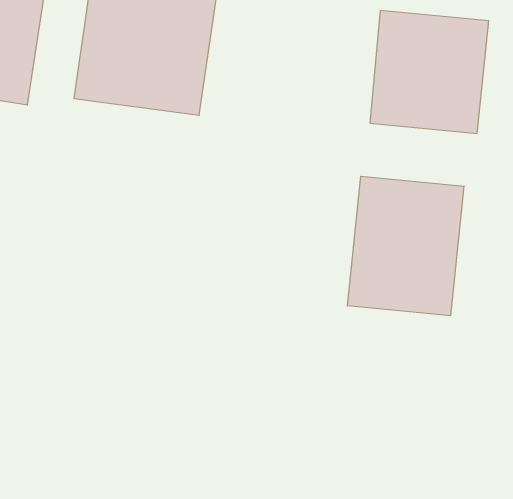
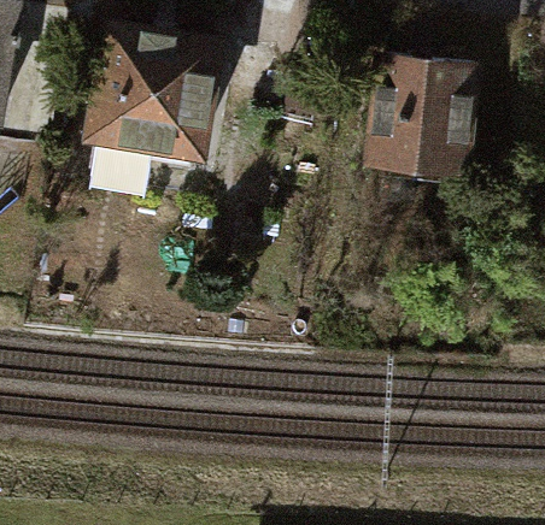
building: [347,176,464,316] -> none

